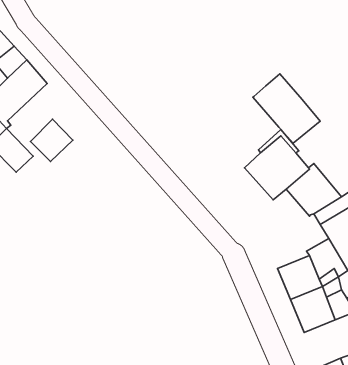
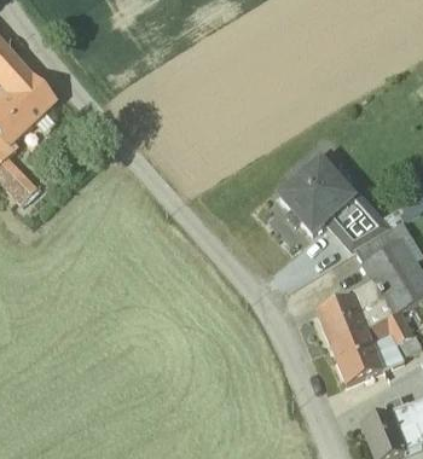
building: [253,74,320,143] -> none
building: [30,119,73,161] -> none

